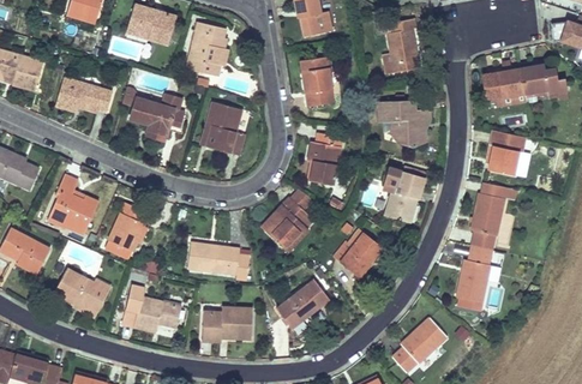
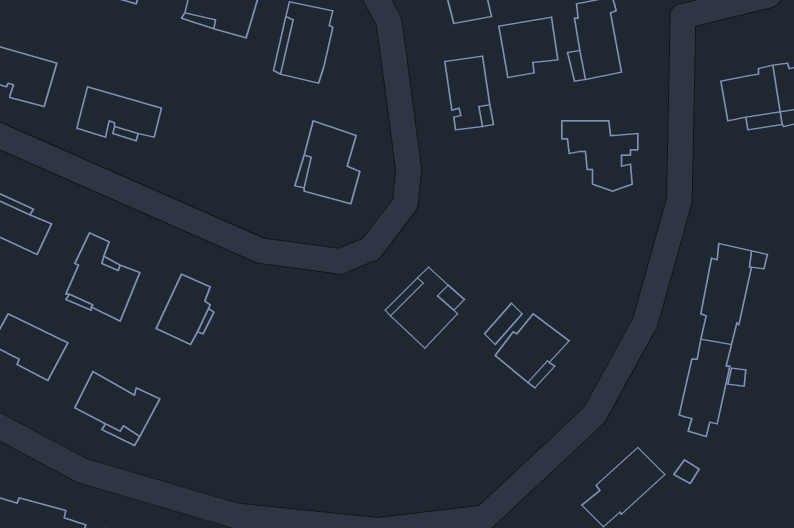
building: none -> [499,17,558,77]
building: [130,97,185,136] -> none
building: [486,132,521,175] -> none
building: [307,133,342,185] -> none
building: [385,170,425,222] -> none
building: [187,242,240,274] -> none
building: [276,278,329,328] -> none
building: [127,286,180,331] -> none
building: [202,307,252,341] -> none

